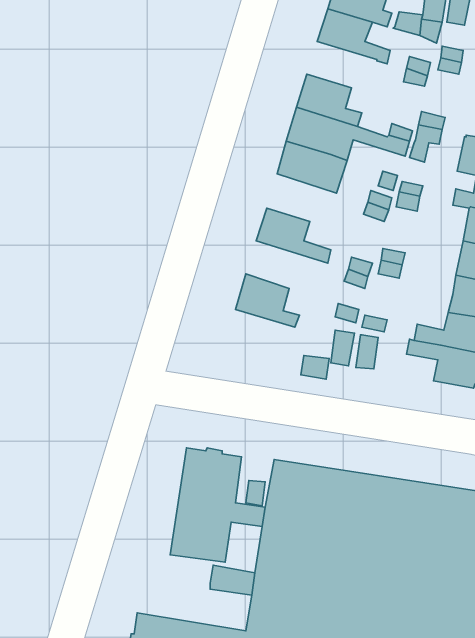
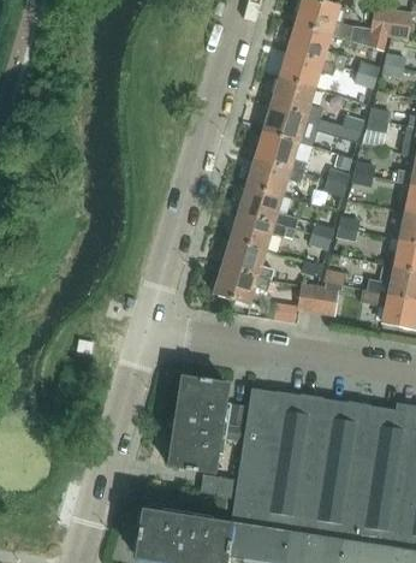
building: none -> [279,49,335,87]
building: none -> [246,156,303,195]
building: none -> [230,211,296,249]
building: none -> [213,266,269,304]

